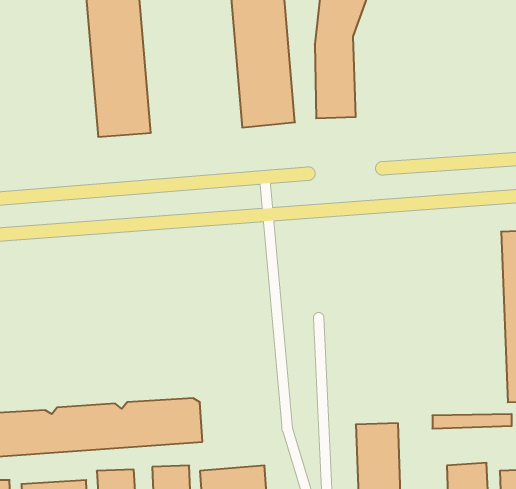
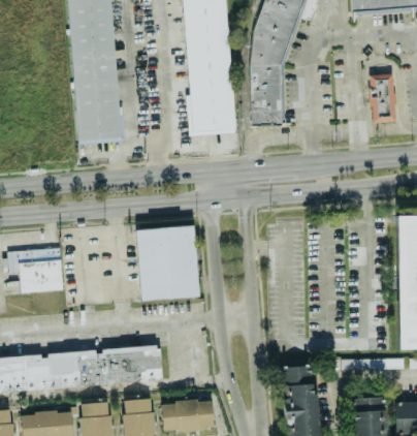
building: none -> [371,74,396,123]
building: none -> [138,227,199,302]
building: none -> [8,248,65,293]

